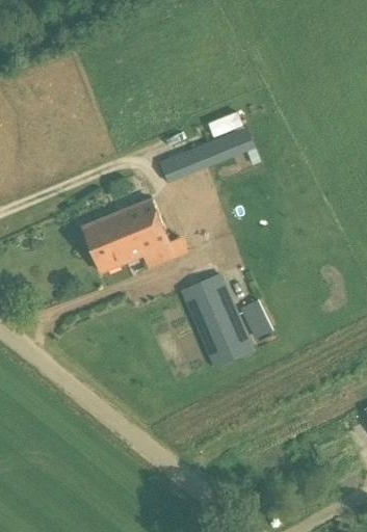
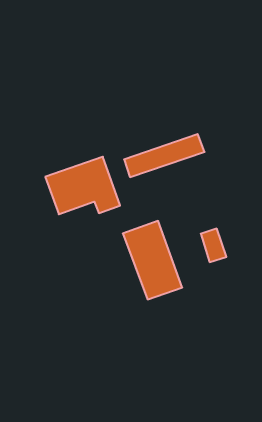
building: [160,126,256,182] -> [124,134,205,177]
building: [242,298,274,339] -> [201,229,226,262]

